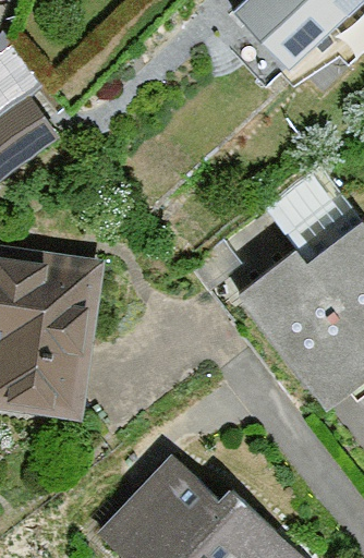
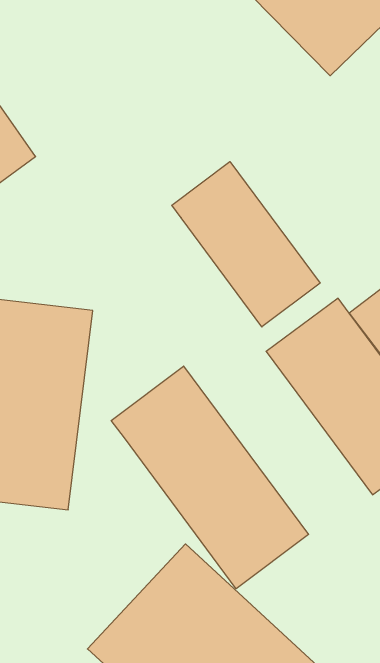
building: none -> [172,162,320,327]
building: none -> [111,366,309,589]

